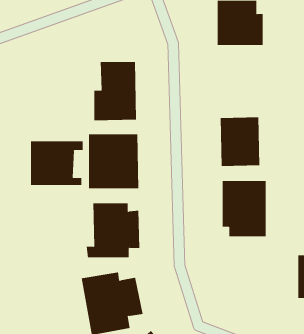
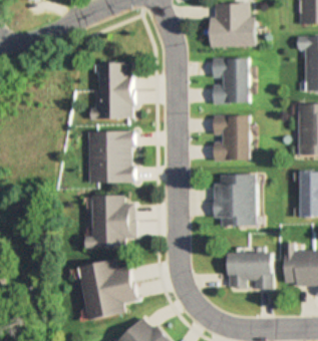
building: none -> [210,58,248,103]
building: [31,141,83,186] -> none
building: none -> [229,254,273,289]

